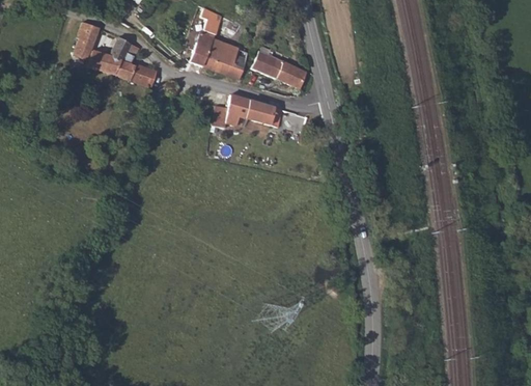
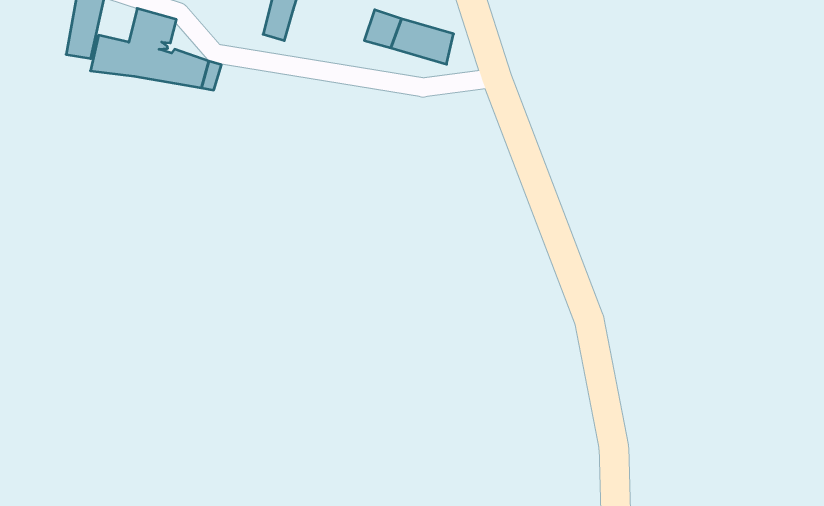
building: [204,46,247,75] -> none
building: [212,95,283,128] -> none

